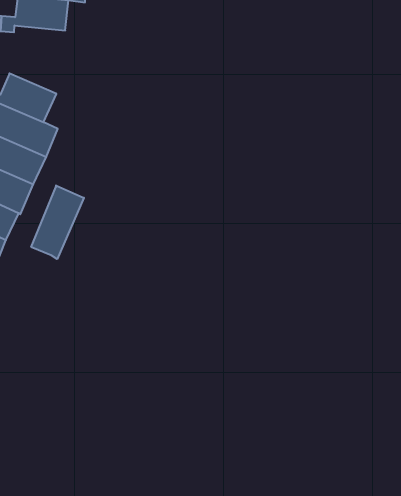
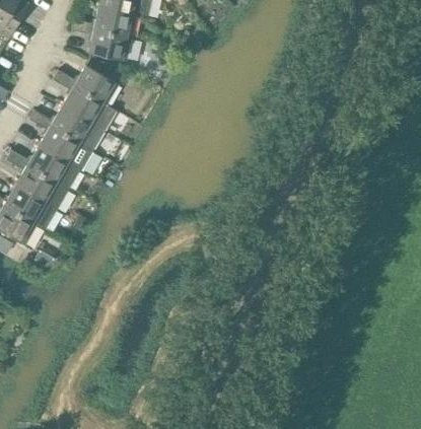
building: none -> [88,29,131,61]
building: [31,185,84,259] -> none

